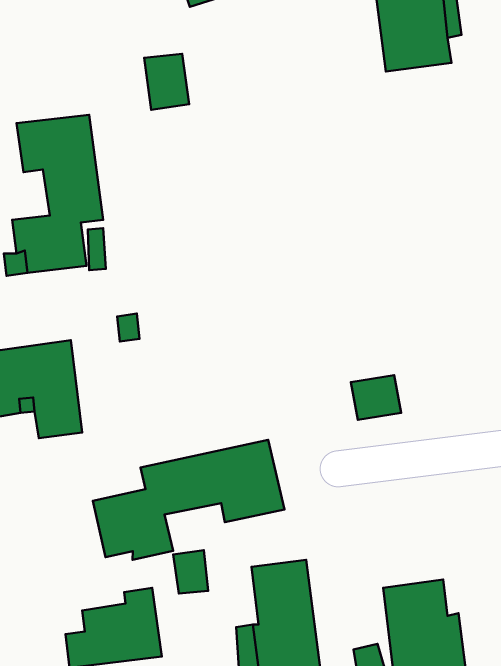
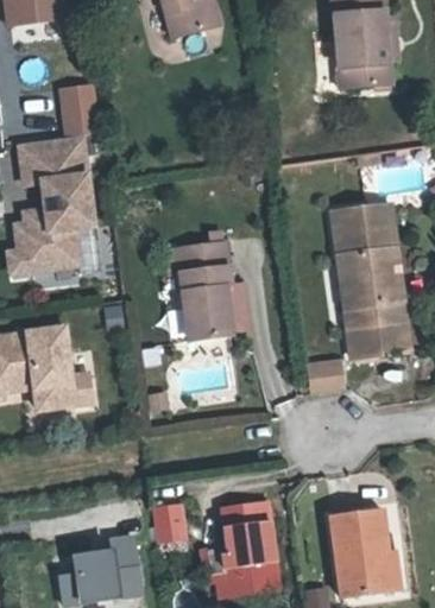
building: [144,54,189,110] -> [65,86,103,133]
building: none -> [335,204,410,357]
building: none -> [168,245,253,361]
building: [93,440,284,560] -> none

